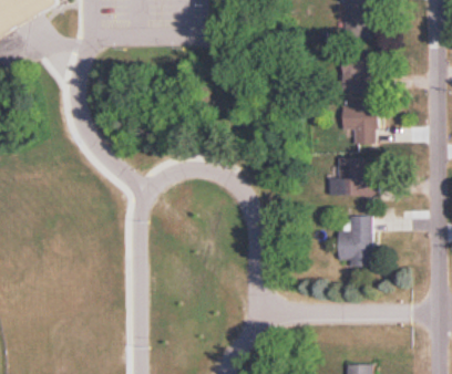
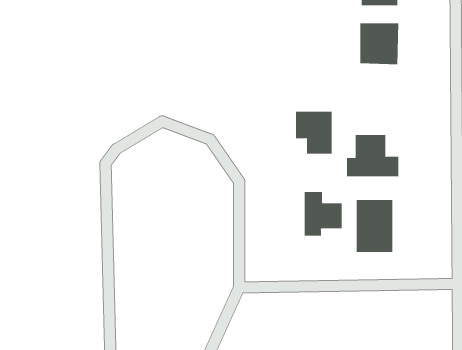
building: [343,105,378,145] -> [295,111,333,154]
building: none -> [304,191,342,236]

